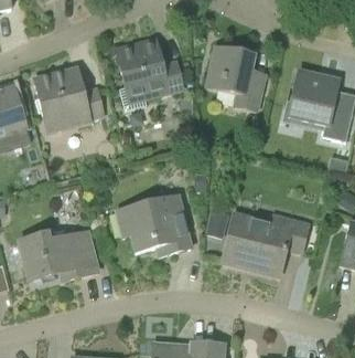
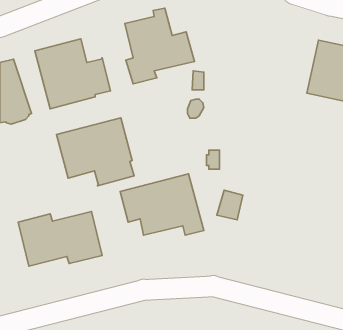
building: [206,45,267,112] -> none
building: none -> [57,118,134,186]
building: [220,210,311,268] -> none

